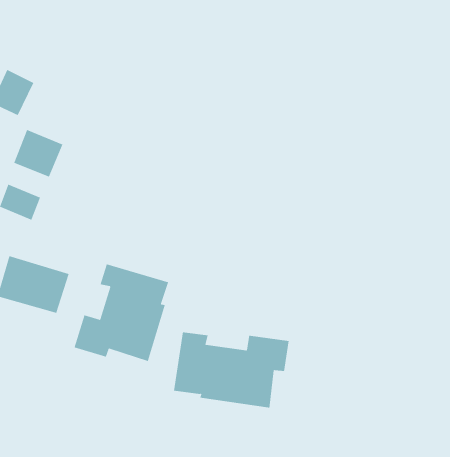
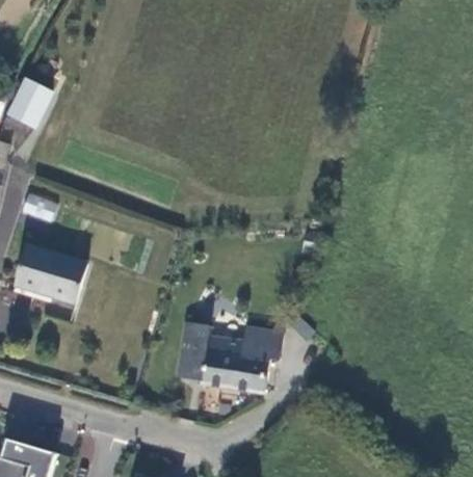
building: [13,129,63,177] -> none
building: [74,264,169,362] -> none

